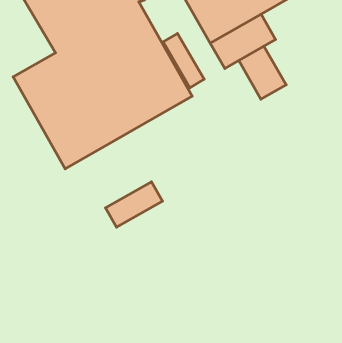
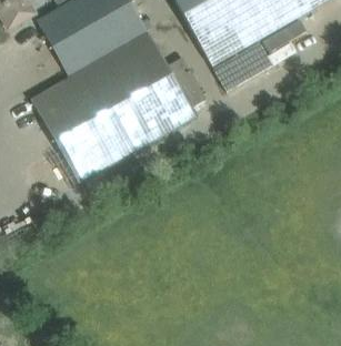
building: [239,46,286,99] -> none
building: [105,182,163,227] -> none

